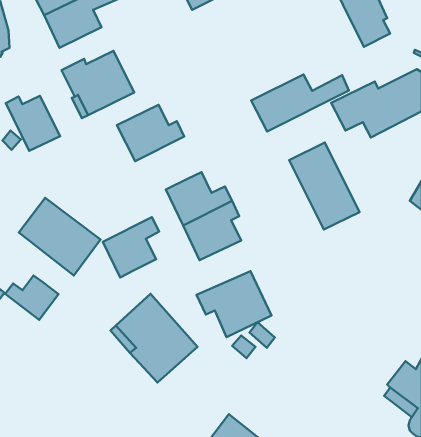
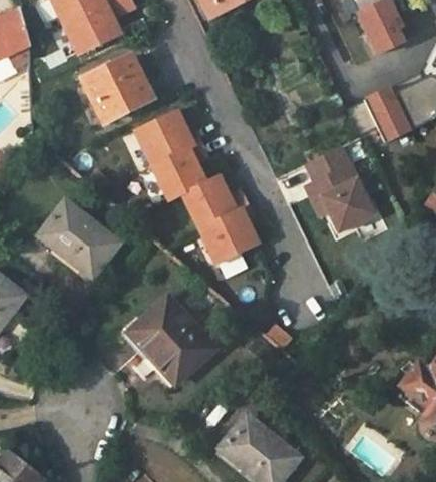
building: [251,74,349,131] -> none
building: [6,96,60,151] -> none
building: [103,217,159,278] -> [153,141,208,200]
building: [196,271,271,337] -> none
building: [5,276,59,320] -> none

